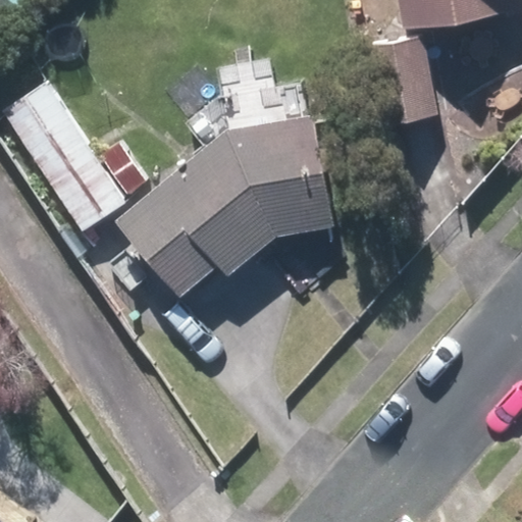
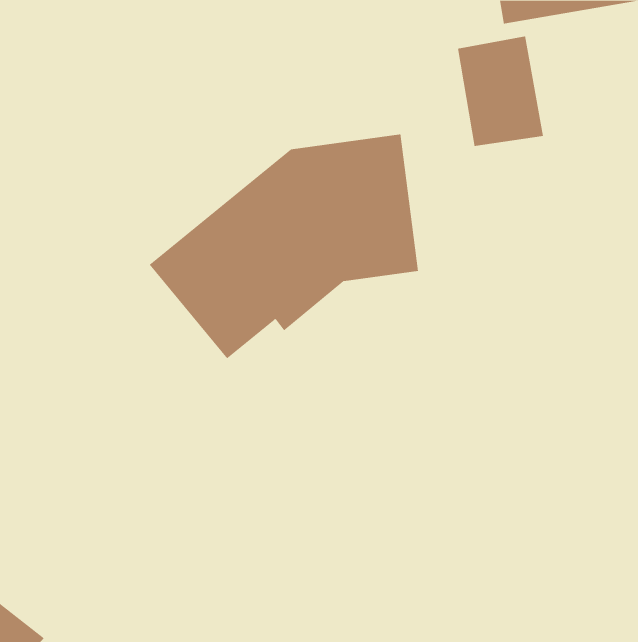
building: [9,94,125,232] -> none

